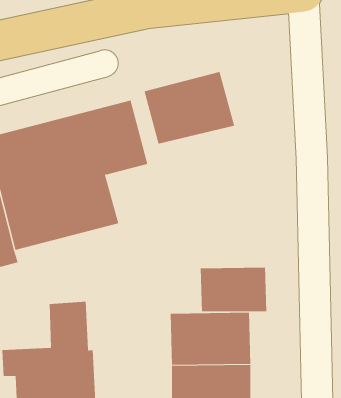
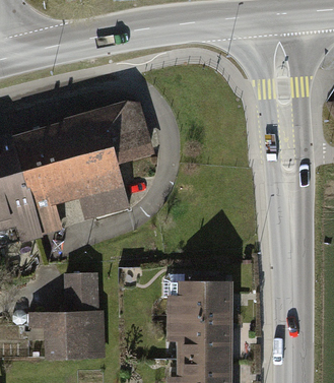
building: [144,71,235,144] -> none
building: [200,267,267,312] -> none

